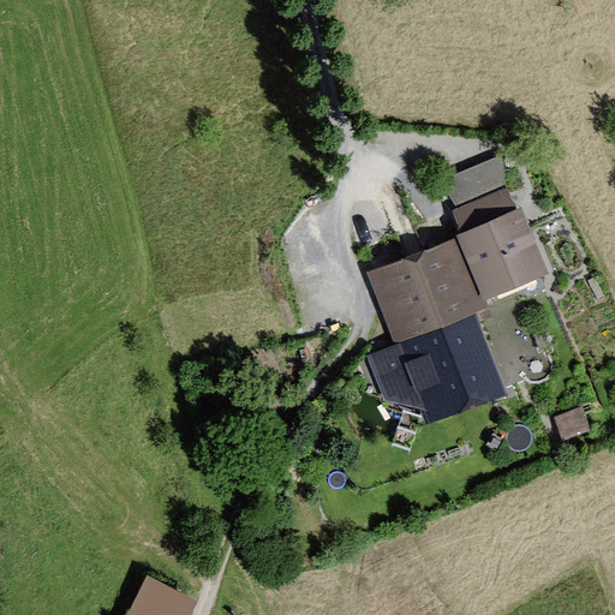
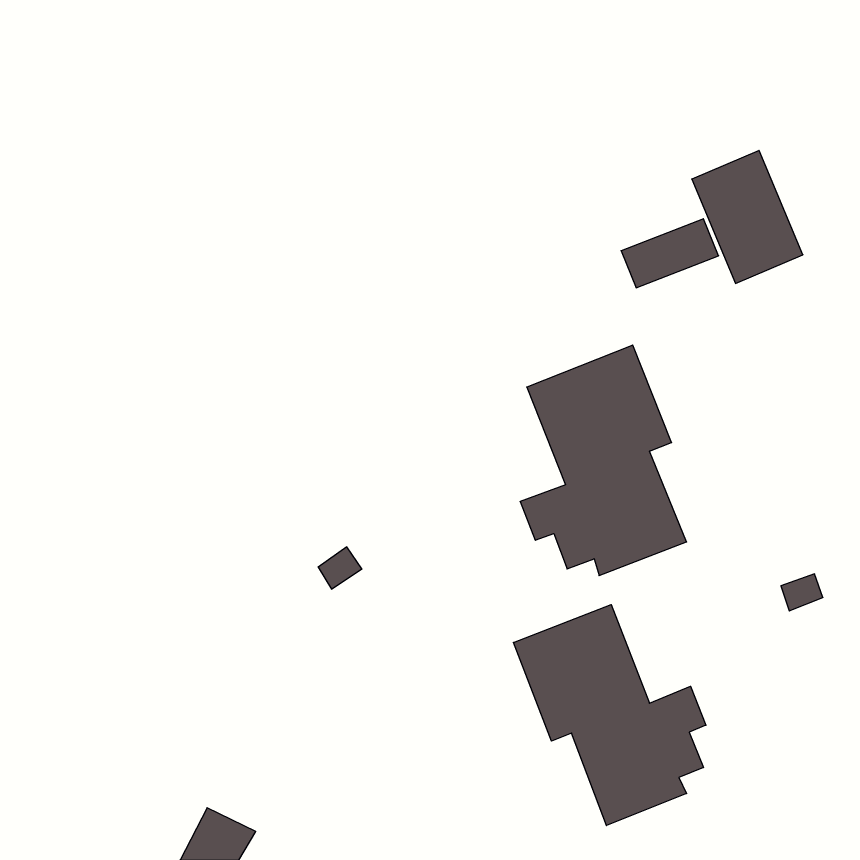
building: [458,193,537,288] -> [692,150,803,283]
building: none -> [513,605,706,826]

